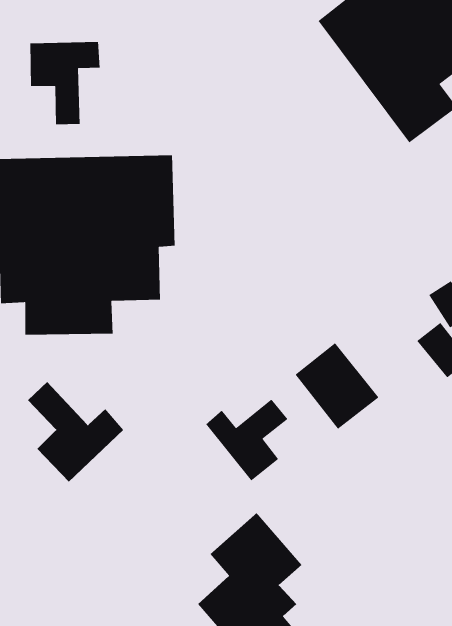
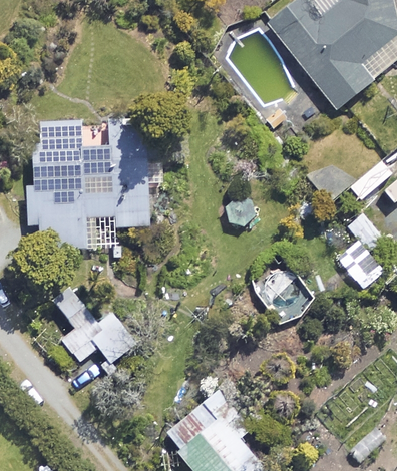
building: [29,41,100,125] -> none
building: [205,398,288,481] -> none

